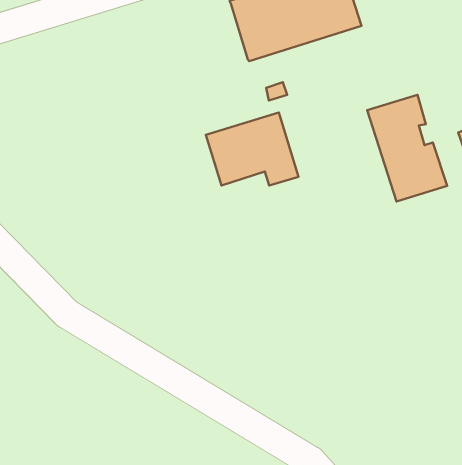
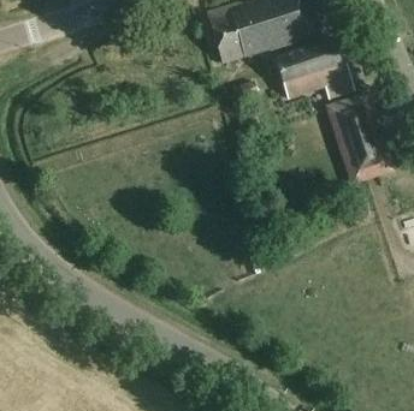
building: [206,112,299,185] -> [274,36,354,99]

